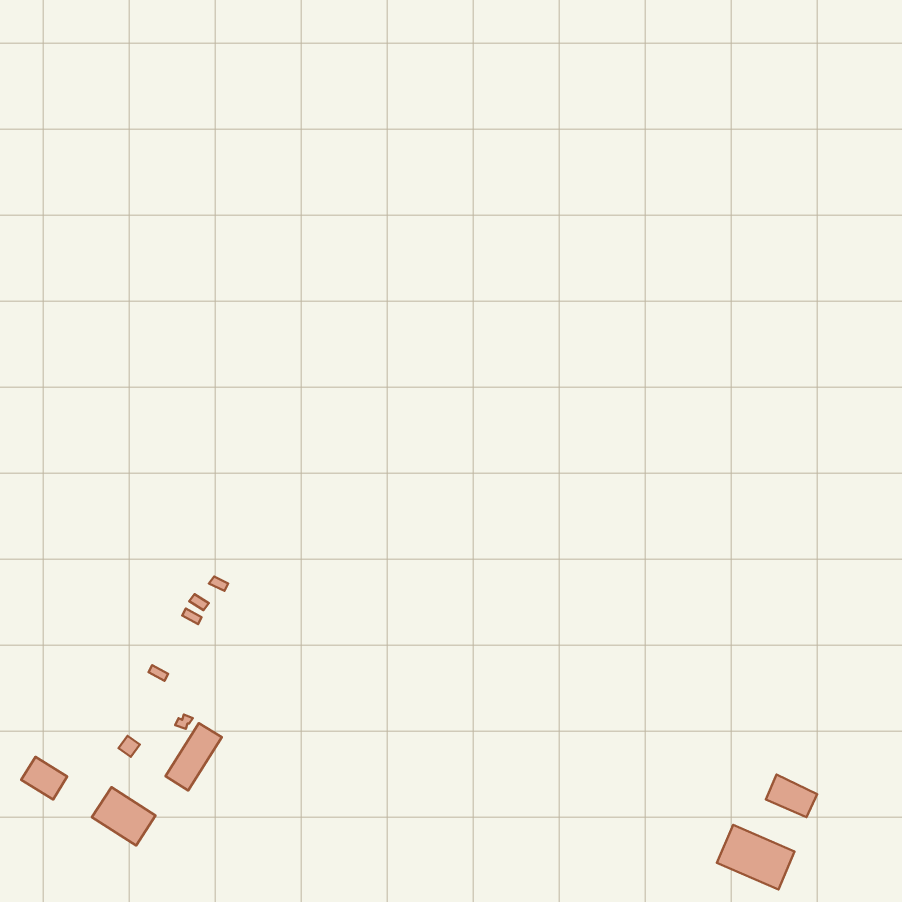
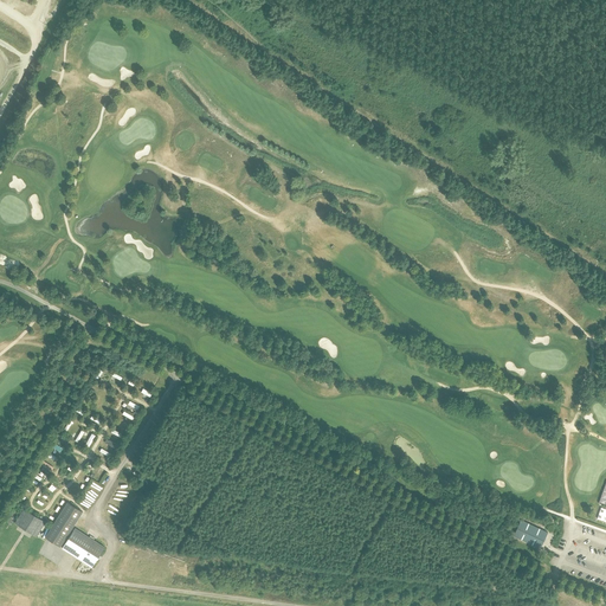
building: [165,723,222,790] -> [44,501,82,546]
building: [717,825,795,890] -> none

